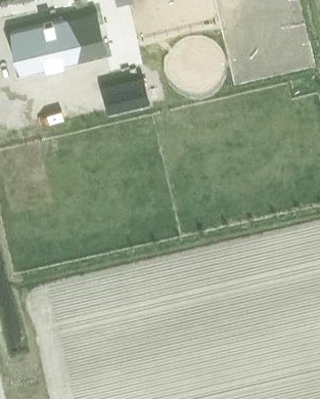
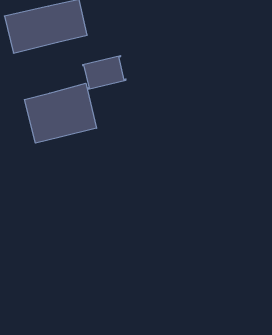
building: none -> [24,83,97,143]

